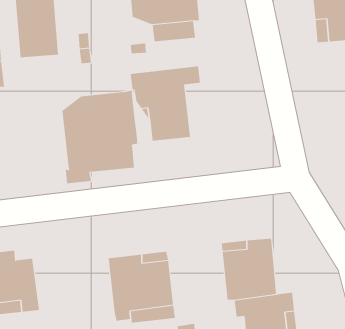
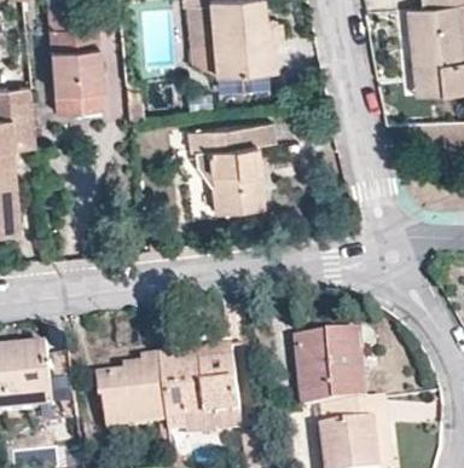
building: [62,90,138,184] -> none
building: none -> [98,353,168,426]

